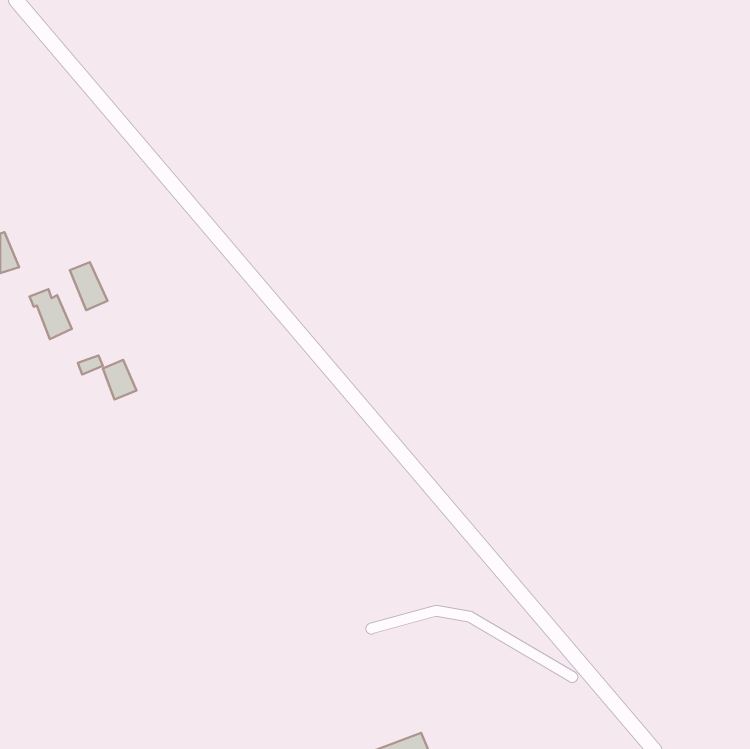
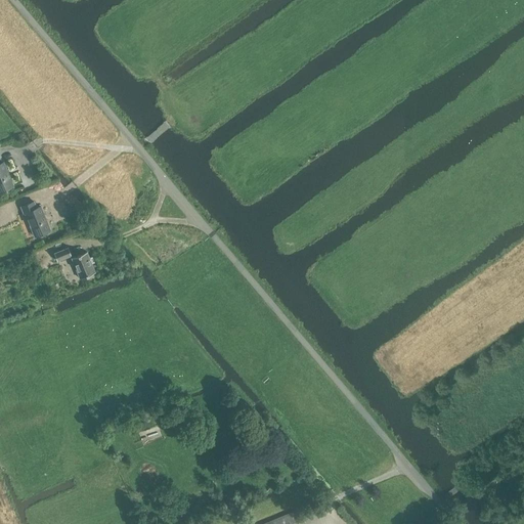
building: [70,262,107,310] -> none

